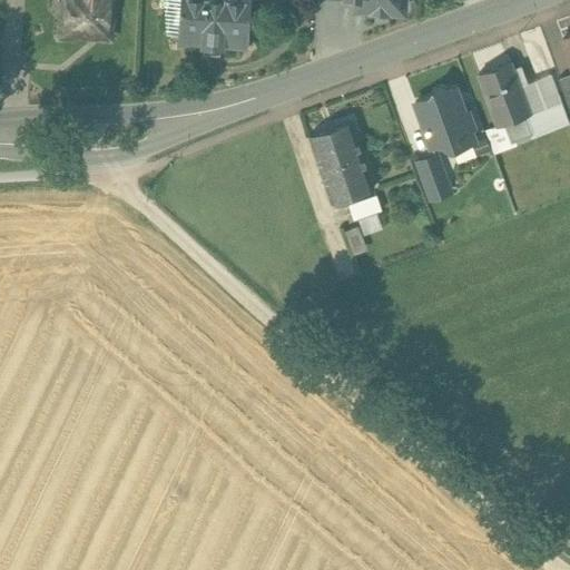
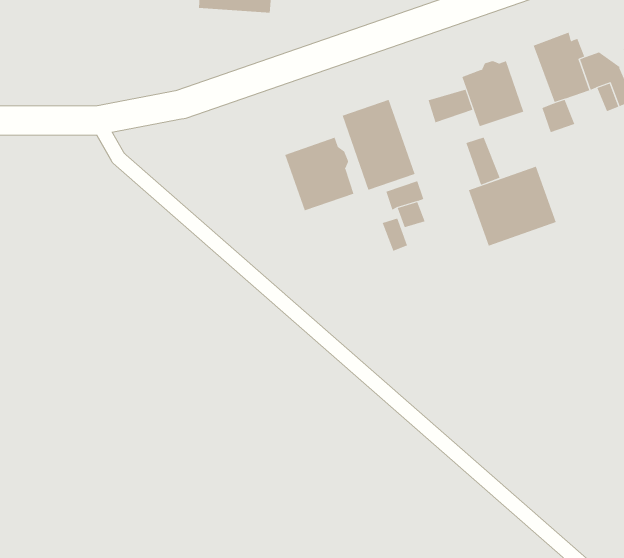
building: none -> [428,89,473,123]
building: none -> [284,137,354,211]
building: none -> [468,166,556,246]

